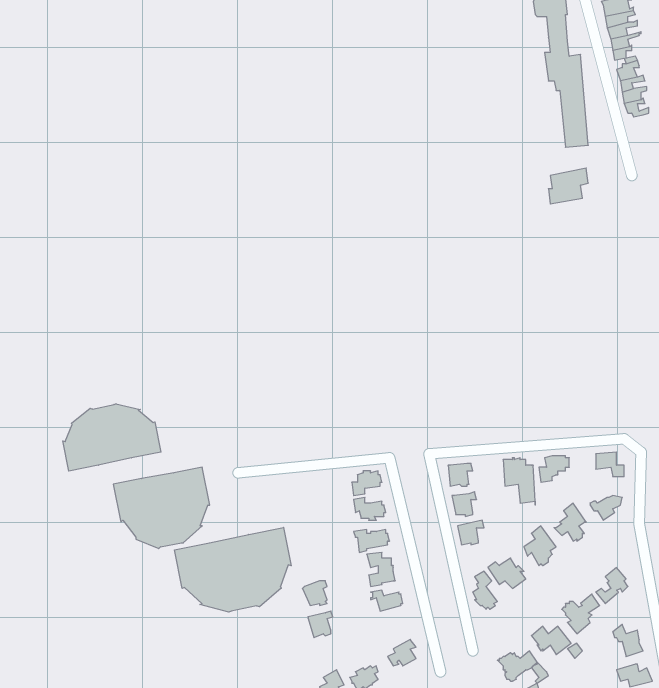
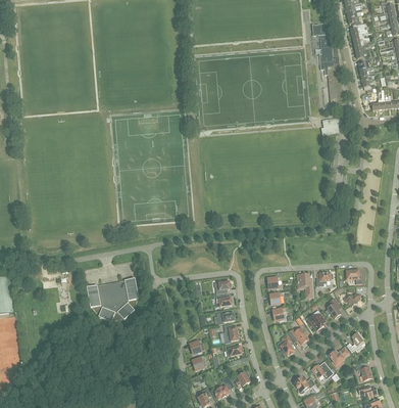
building: [63,404,161,471] -> none
building: [175,527,291,612] -> none

